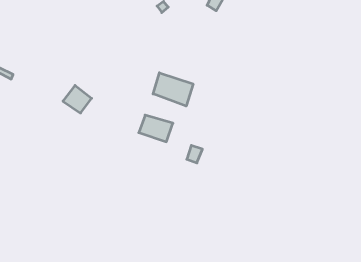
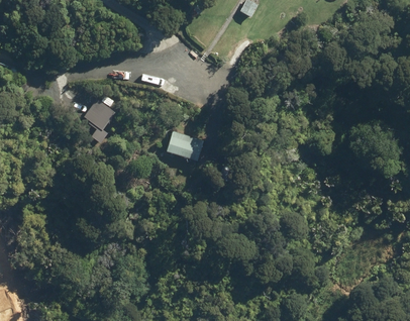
building: [153,73,193,106] -> none

